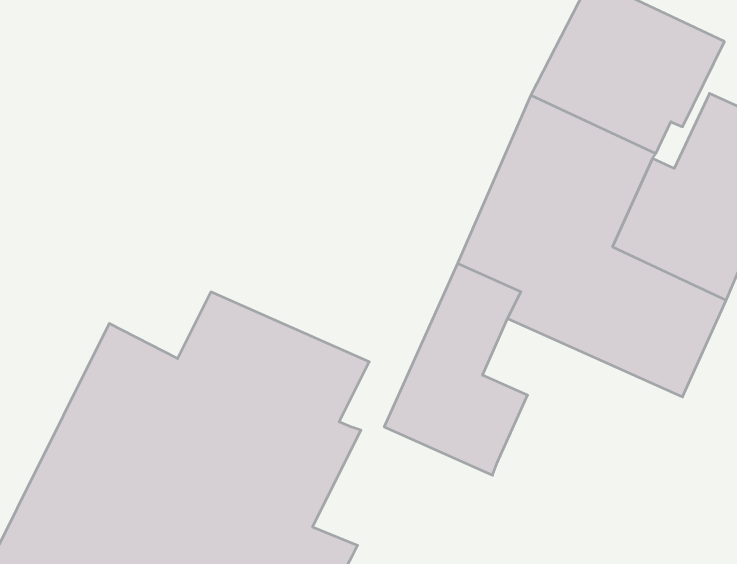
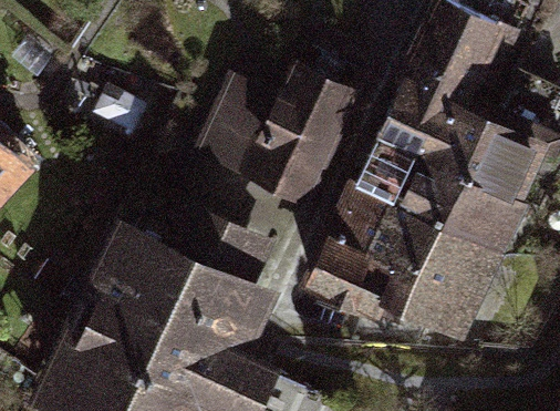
building: none -> [203,56,360,210]
building: none -> [363,219,496,345]

